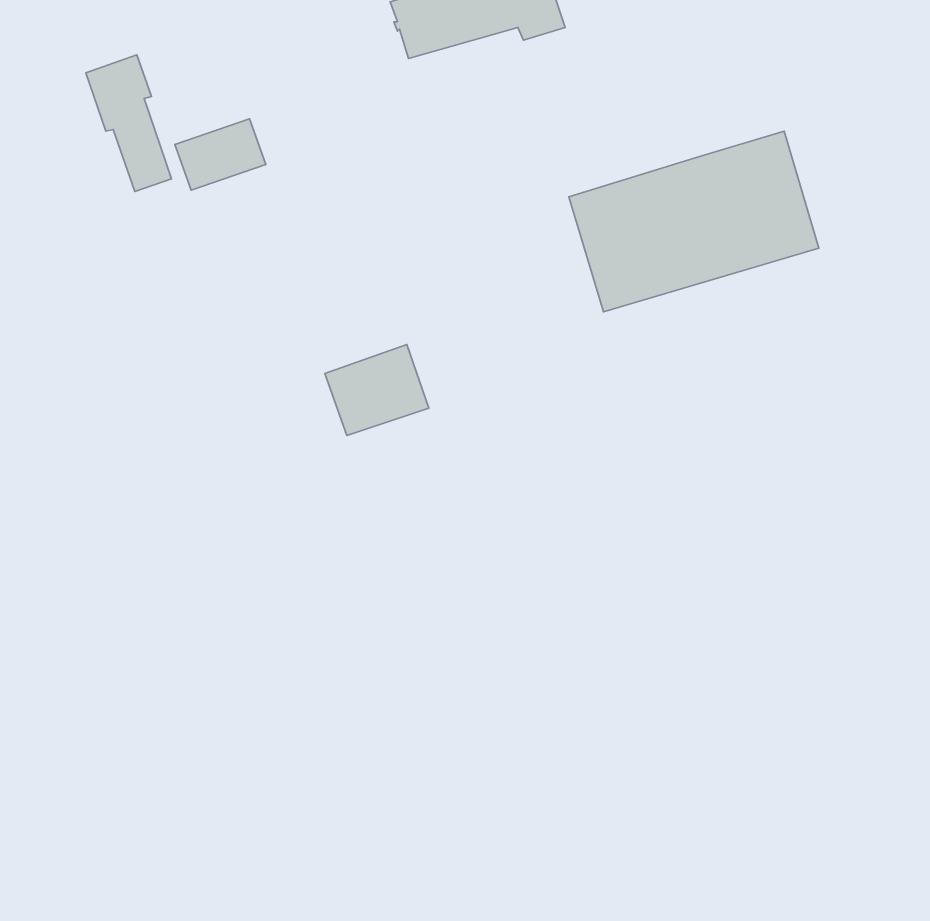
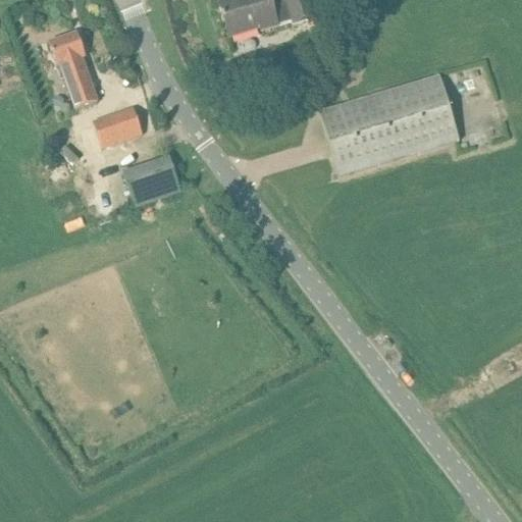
building: [175,119,266,190] -> [92,106,143,146]
building: [325,344,429,436] -> [123,154,181,205]

